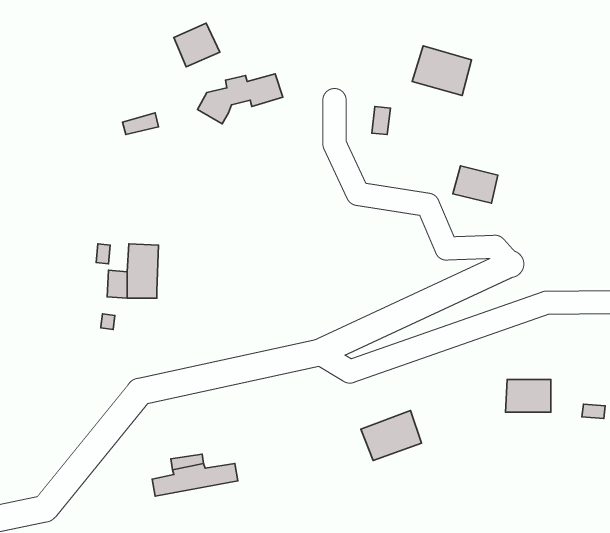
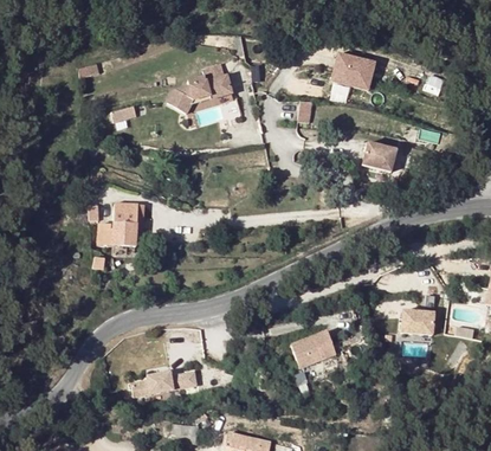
building: [174,23,220,67] -> none

